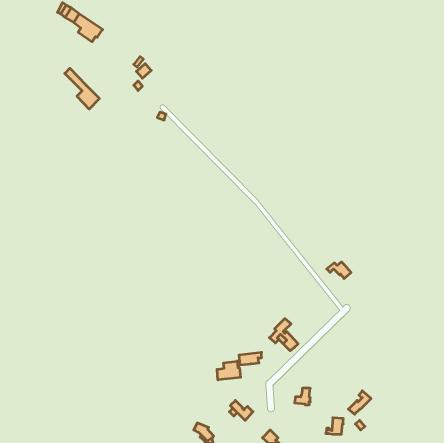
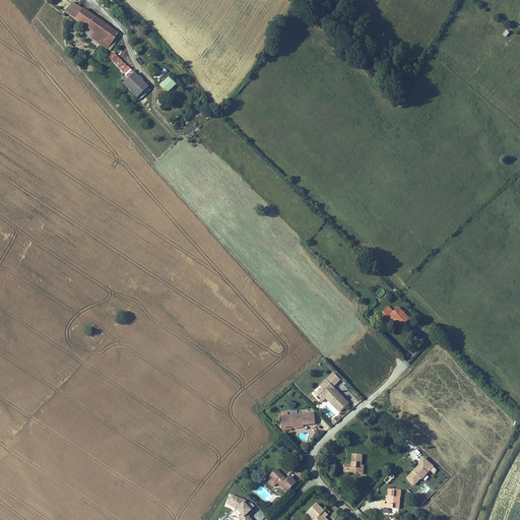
building: [65,68,99,109] -> [109,51,149,99]
building: [217,361,241,380] -> none

